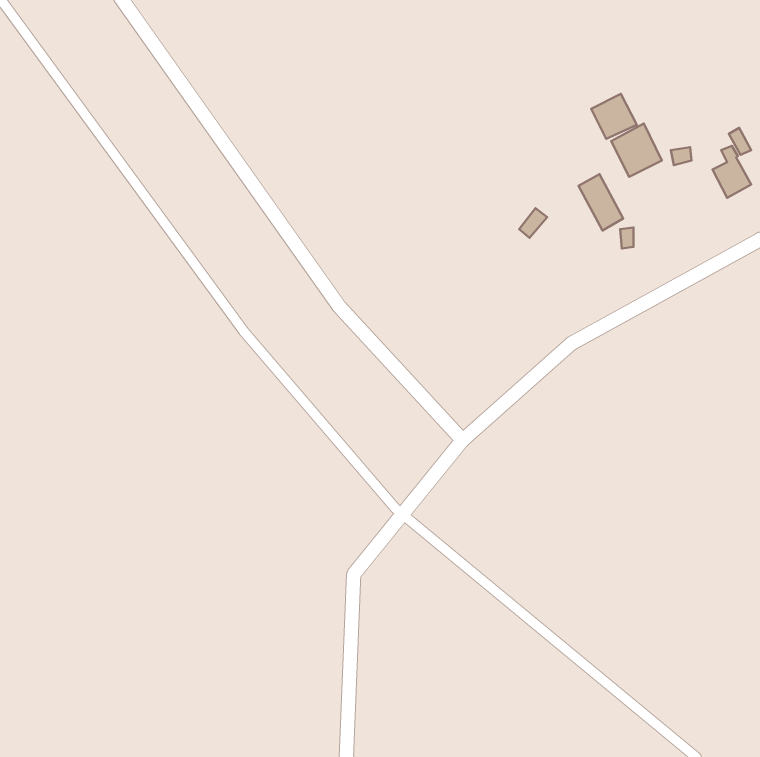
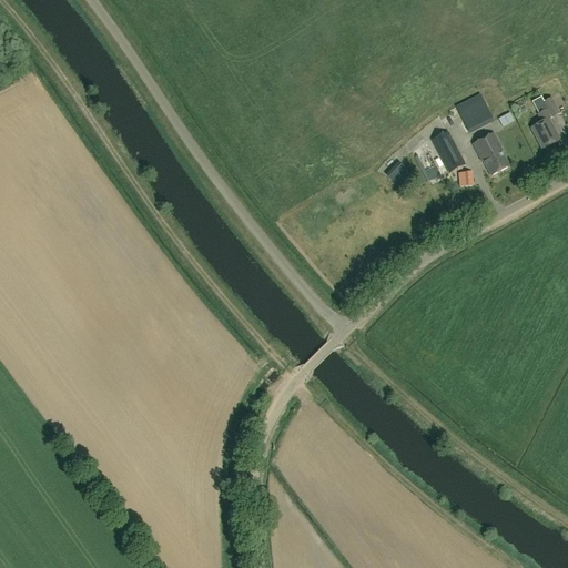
building: [591,94,637,139] -> none
building: none -> [473,132,509,174]

